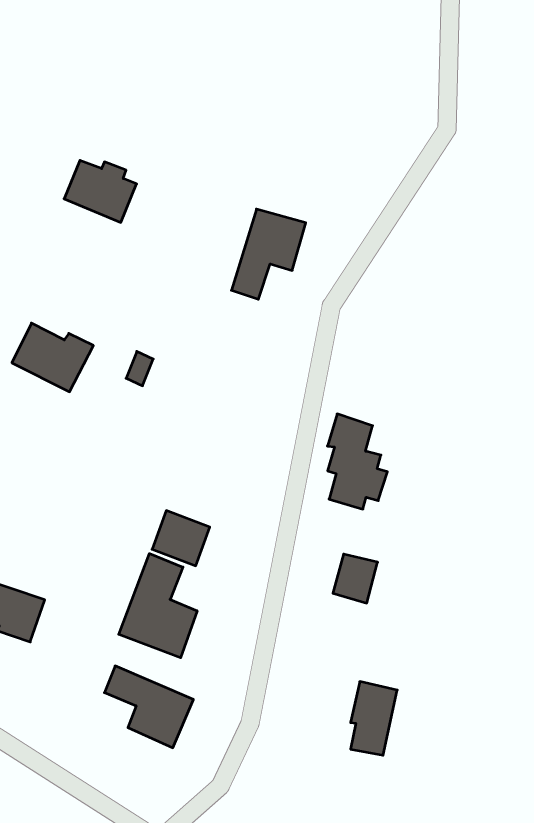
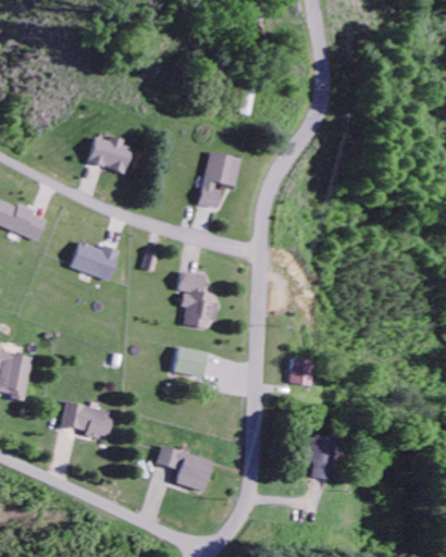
building: [327,414,387,509] -> [178,271,218,327]
building: [119,554,197,658] -> none

